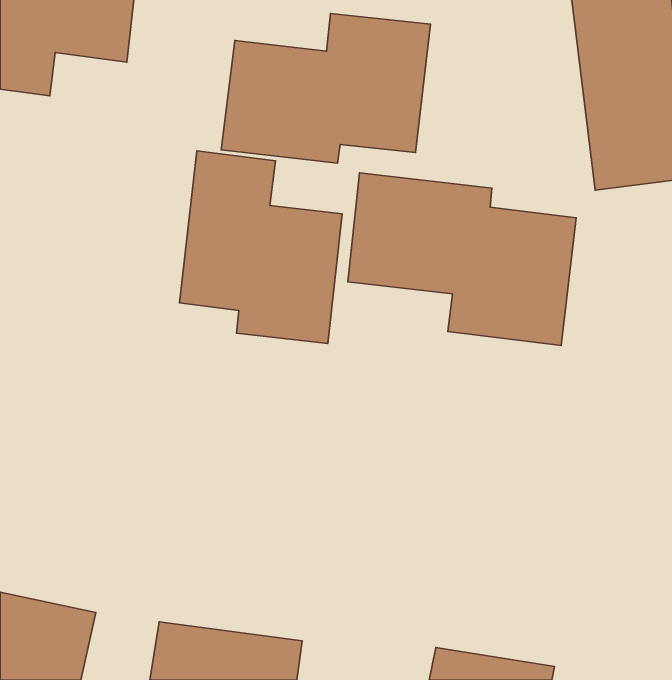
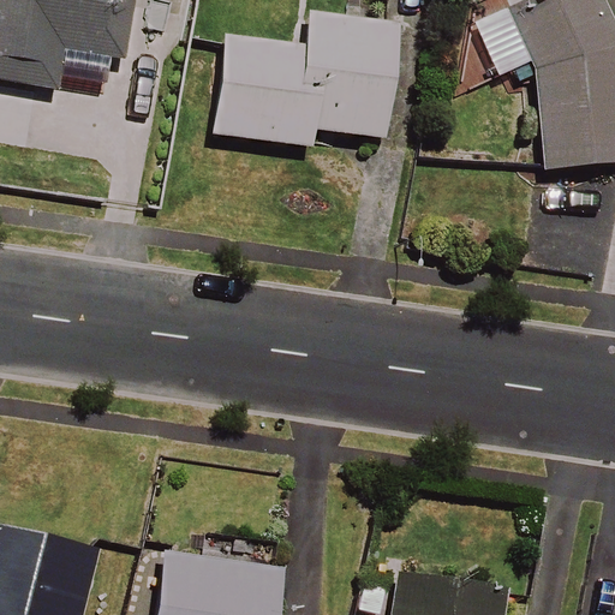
building: [179,151,342,344] -> none
building: [348,173,576,345] -> none

